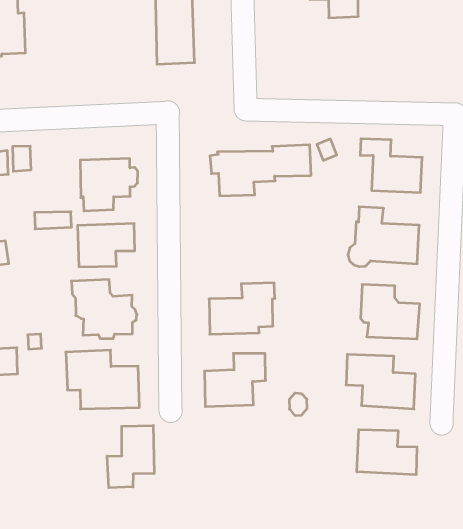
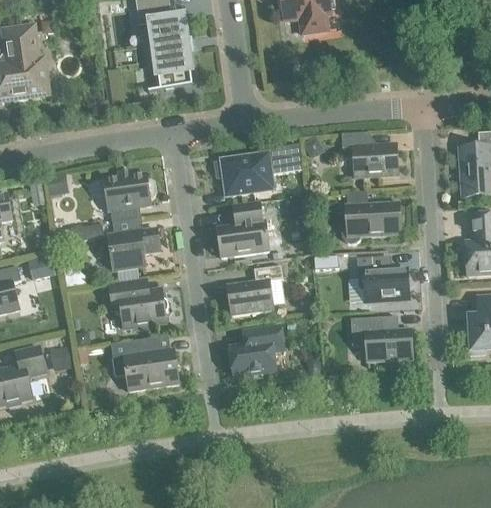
building: none -> [217,201,268,257]
building: [107,425,154,488] -> none
building: [357,430,417,475] -> none

